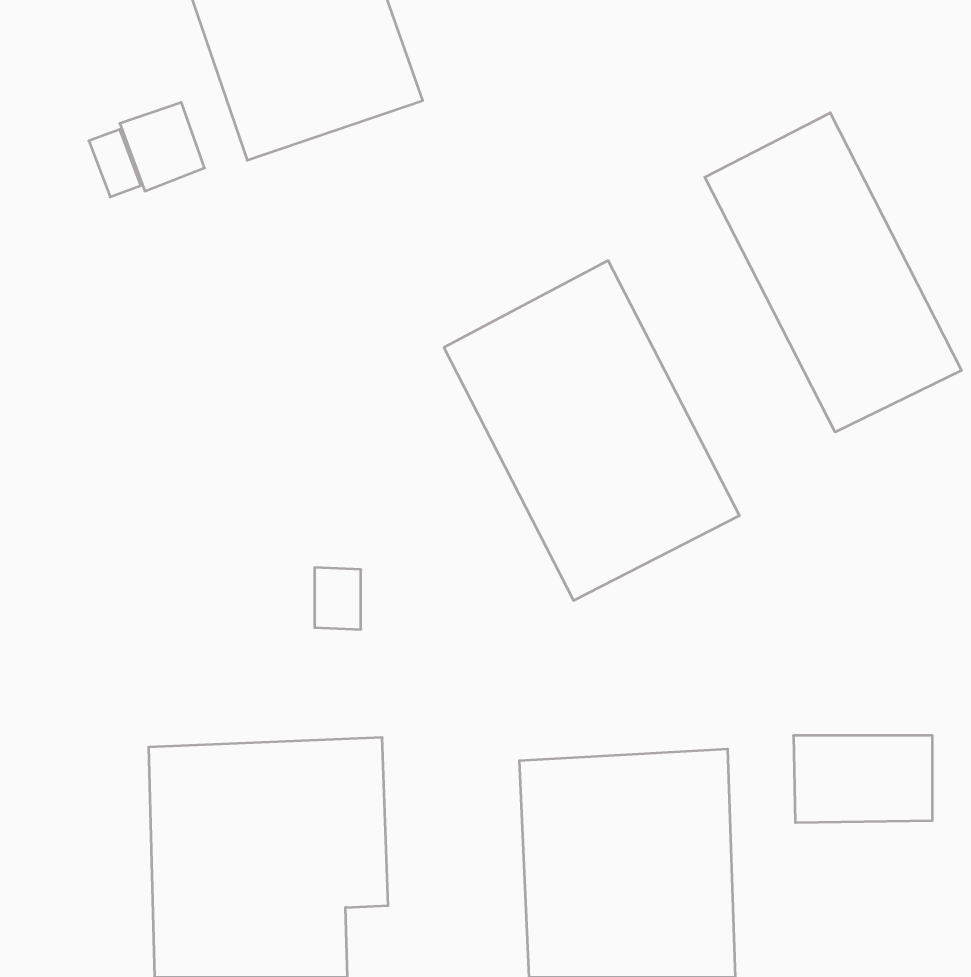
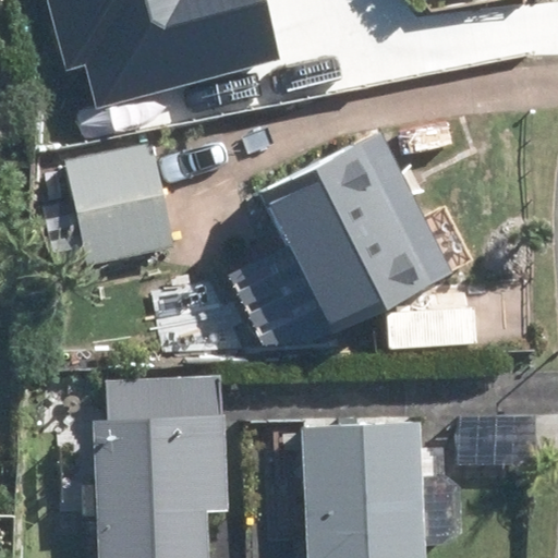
building: [705,113,961,432] -> none
building: none -> [66,144,175,266]

